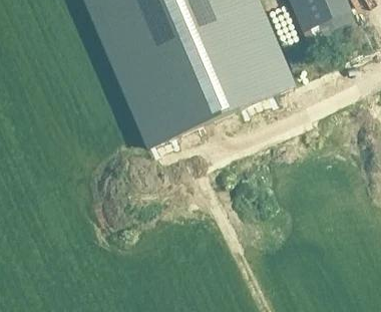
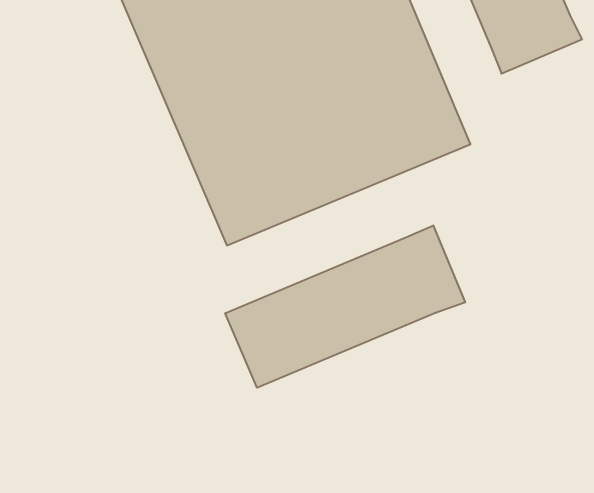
building: none -> [225,225,465,388]

